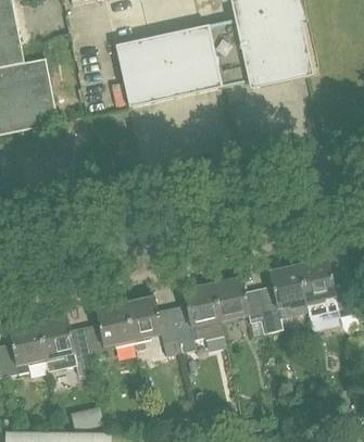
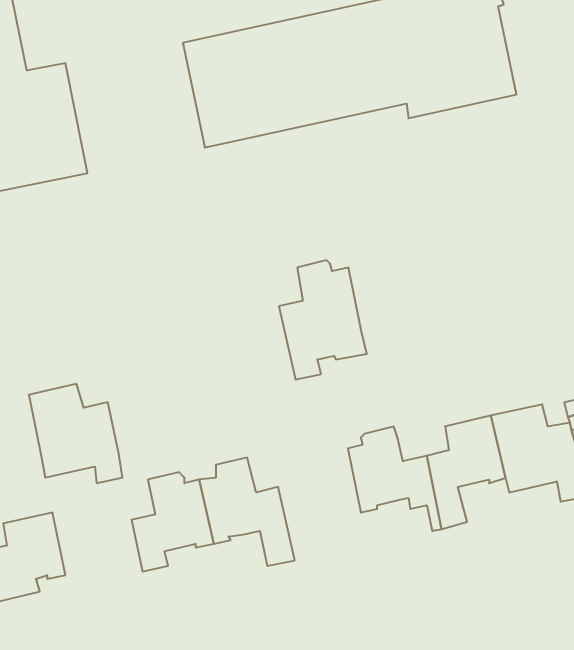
building: [171,281,223,352] -> [279,260,367,380]
building: [37,317,92,376] -> [29,384,122,483]

